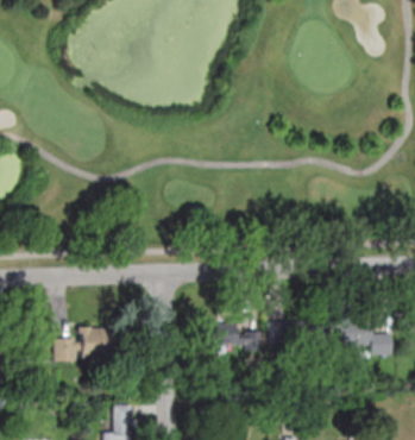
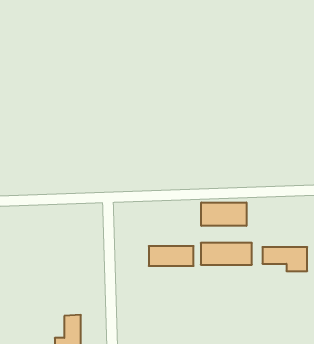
building: none -> [201,202,246,226]
building: [55,327,112,362] -> none

